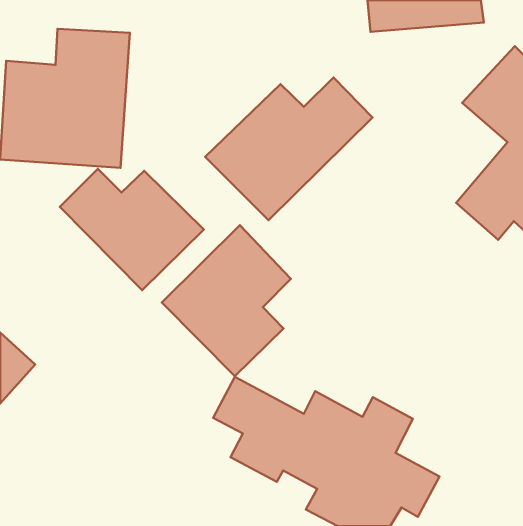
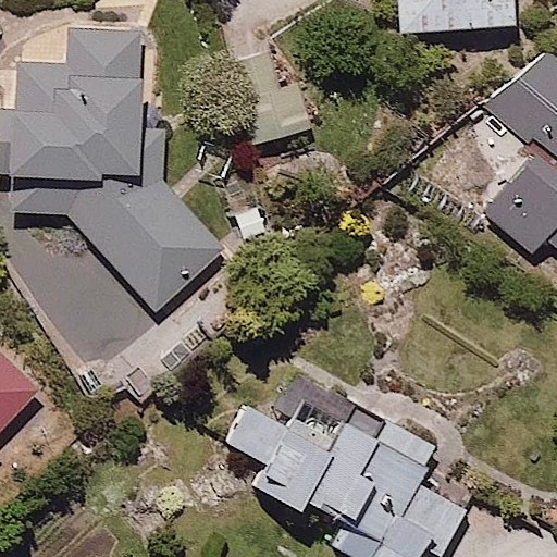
building: [205,78,372,220] -> none
building: [162,225,291,376] -> none

